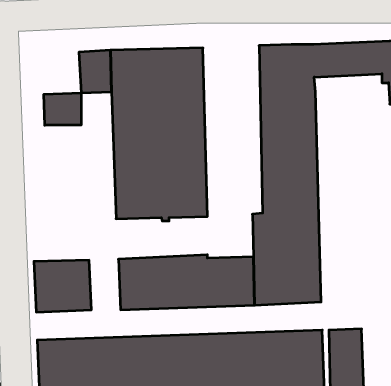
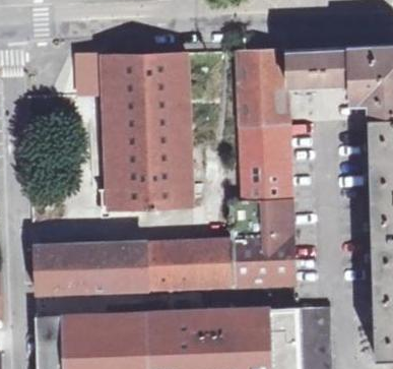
building: [44,93,81,125] -> none
building: none -> [83,245,112,291]

